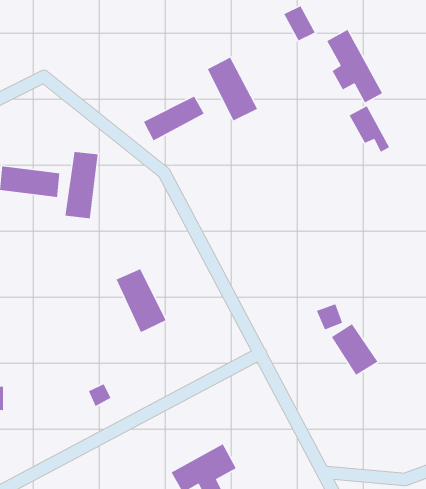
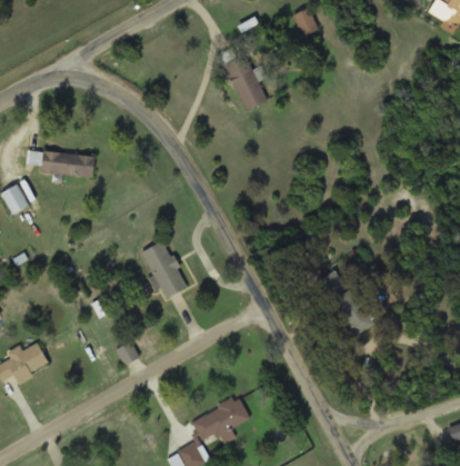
building: [326,29,390,153] -> none
building: [143,95,205,141] -> none
building: [65,151,98,219] -> none

